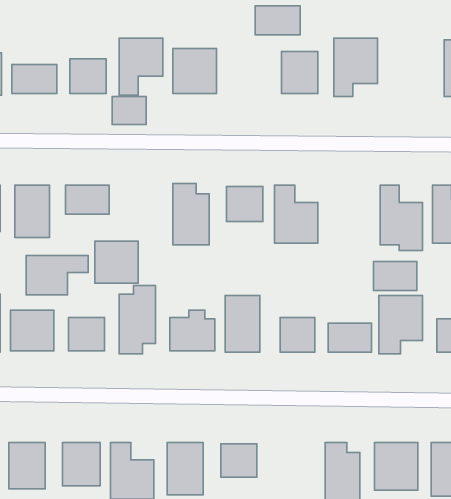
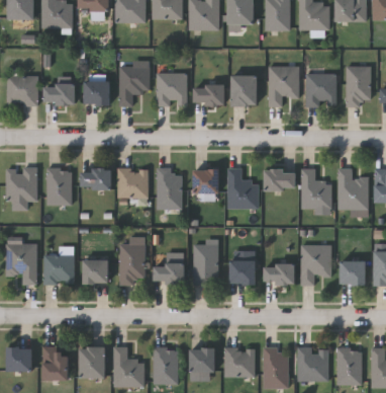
building: [255,6,300,35] -> [194,84,225,104]
building: none -> [305,74,336,106]
building: [112,97,146,125] -> none
building: [95,241,138,283] -> [117,168,148,198]
building: [26,255,88,295] -> none
building: [373,261,417,290] -> [266,169,296,189]
building: none -> [223,348,255,377]

